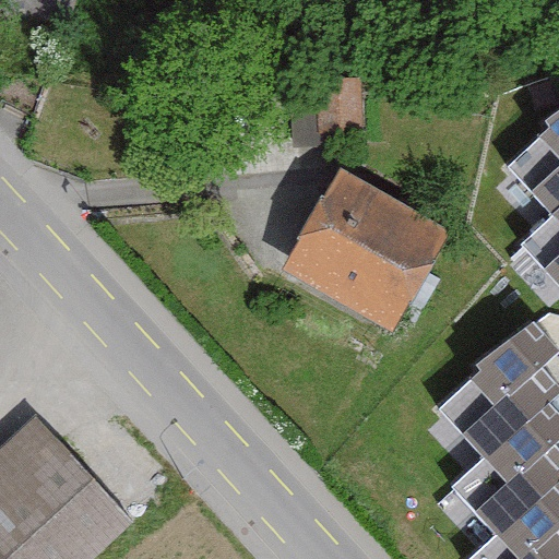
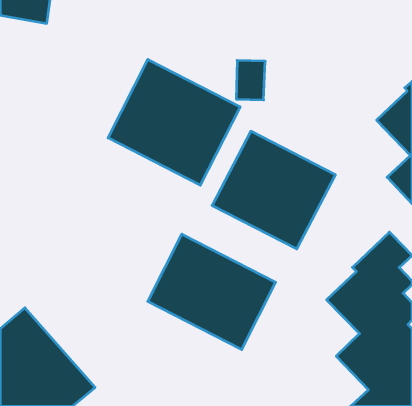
building: none -> [108,59,240,185]
building: none -> [148,234,276,350]

